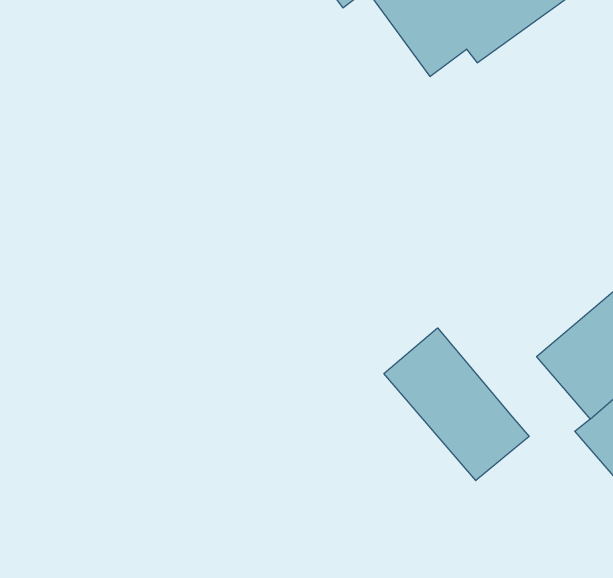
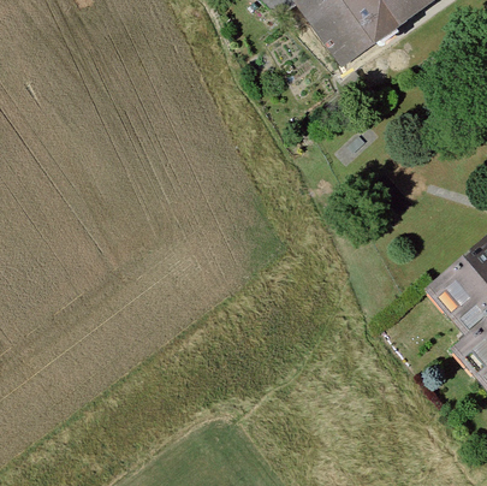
building: [384,328,529,481] -> none

